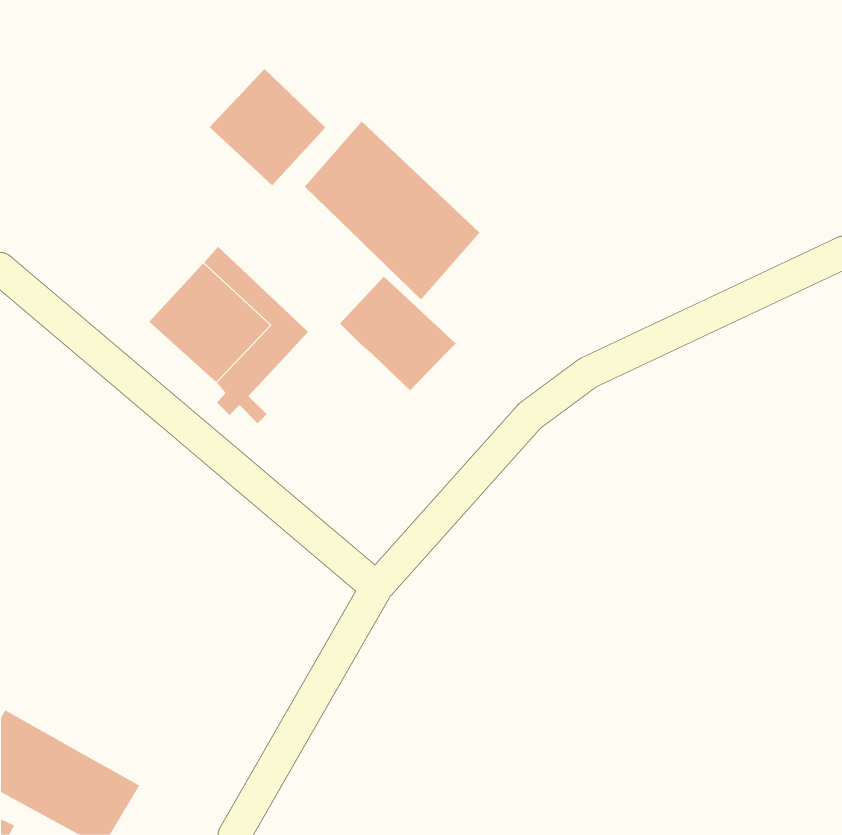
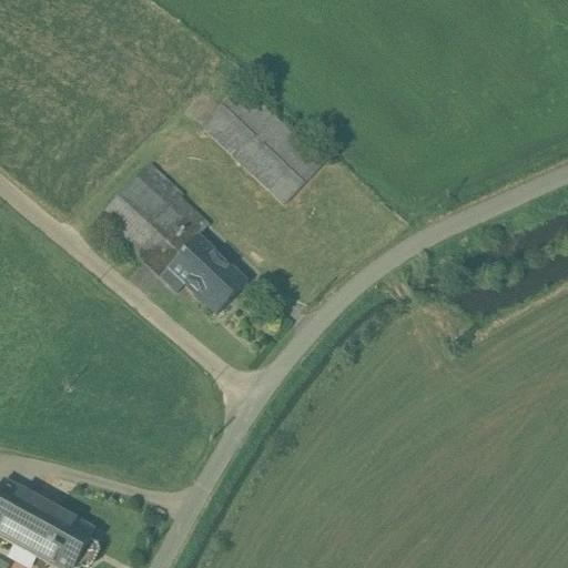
building: [209,68,326,186] -> none
building: [339,276,456,391] -> [169,234,247,312]

